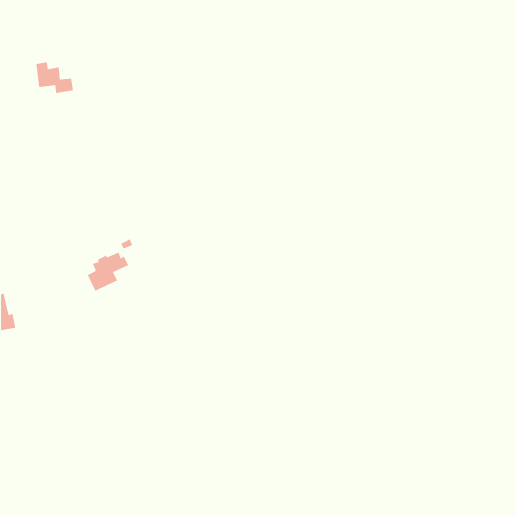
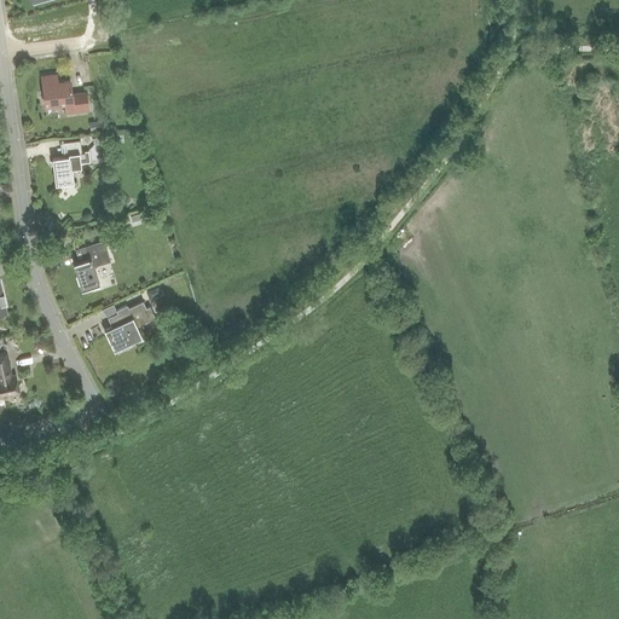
building: none -> [53,141,91,185]
building: none -> [74,242,111,290]

